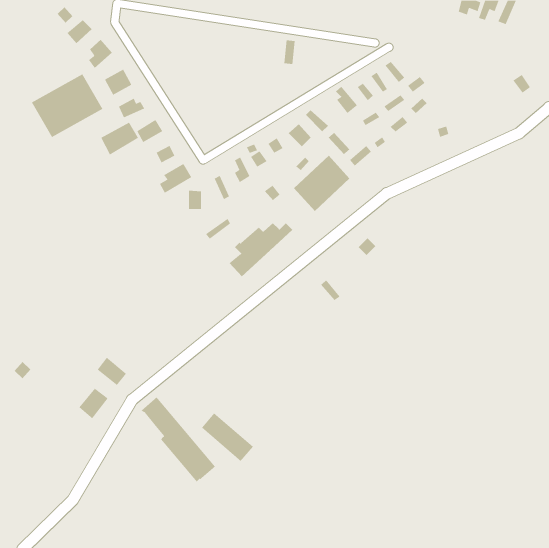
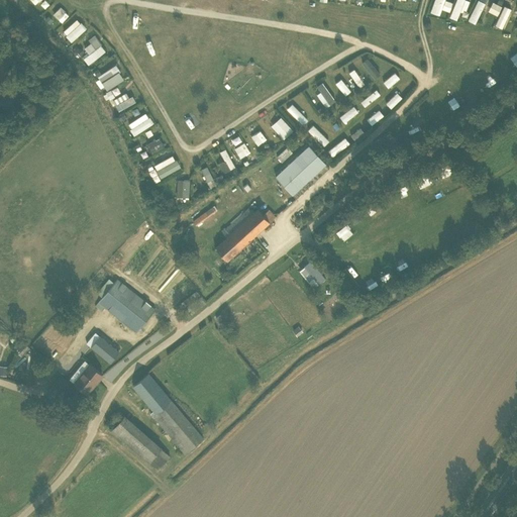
building: [31,74,103,138] -> none
building: [101,122,139,155] -> none
building: none -> [99,279,156,332]
building: [201,412,254,462] -> [112,417,162,463]

